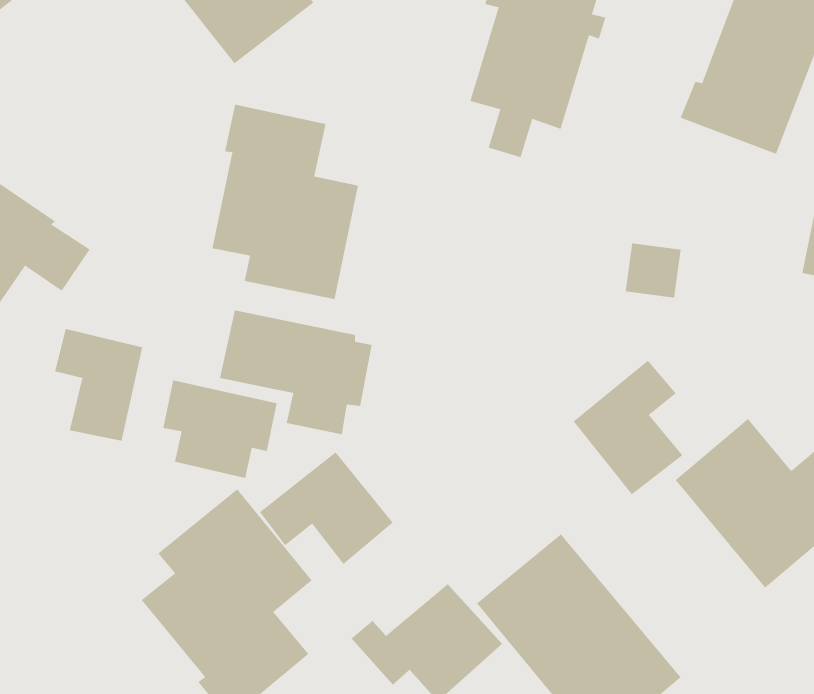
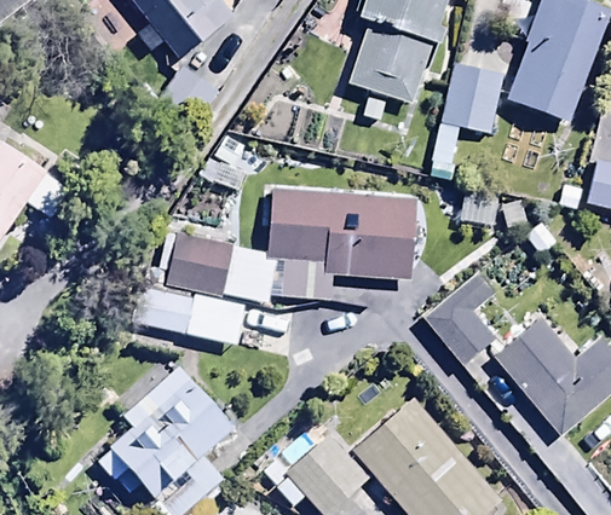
building: none -> [432,62,505,167]
building: [212,104,358,300] -> none
building: none -> [267,187,417,299]
building: [54,328,143,441] -> none
building: [259,452,394,565] -> none

